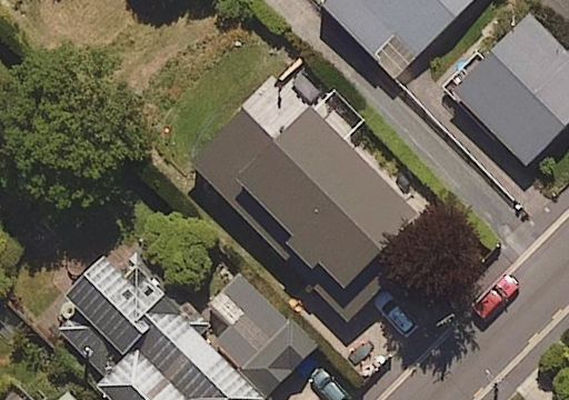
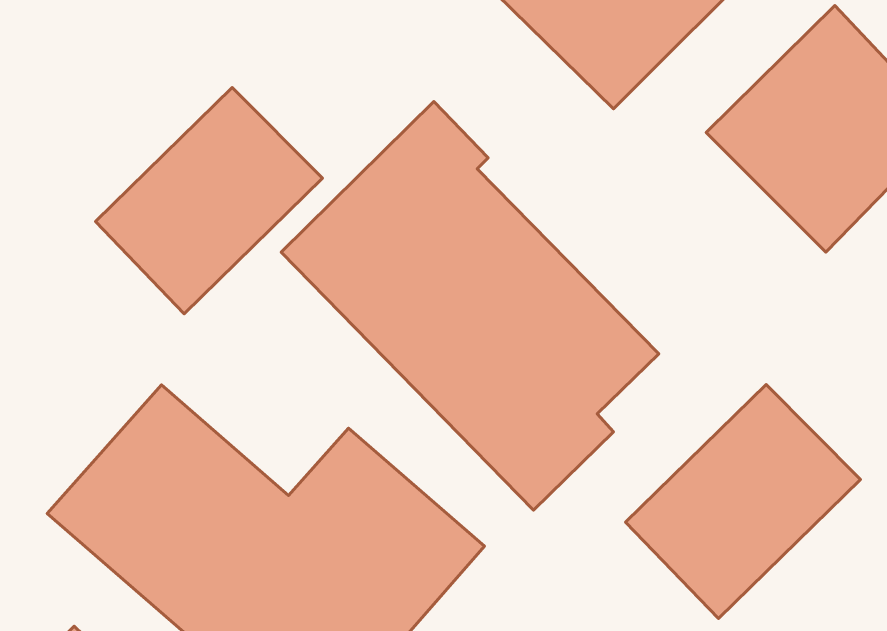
building: none -> [95,88,323,314]
building: none -> [626,385,861,618]

